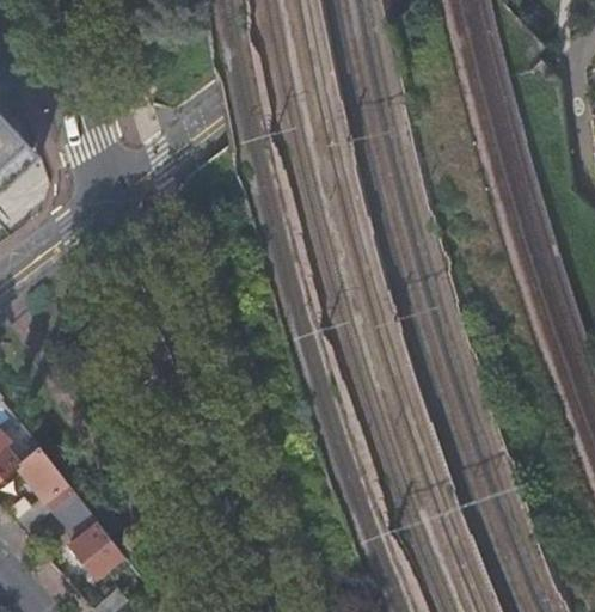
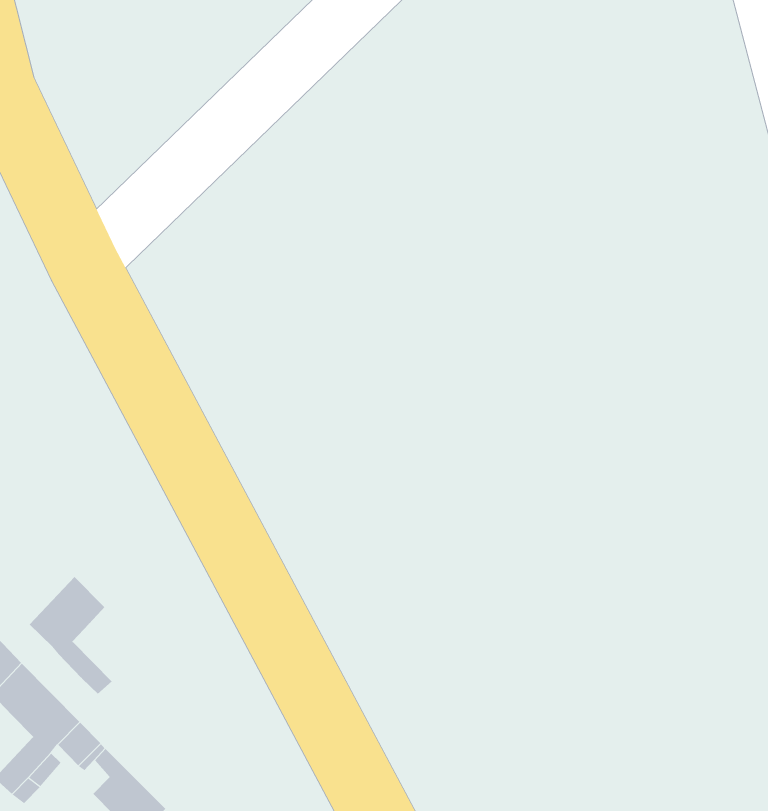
building: none -> [29,576,112,694]

